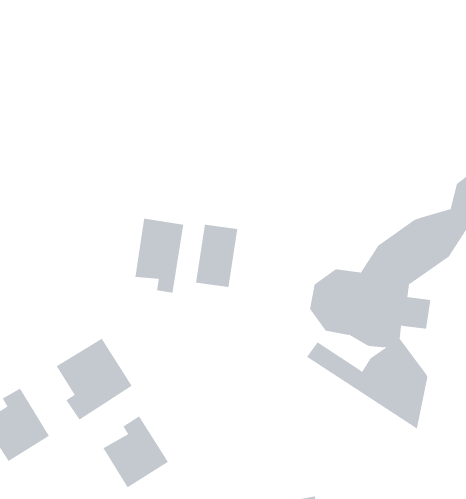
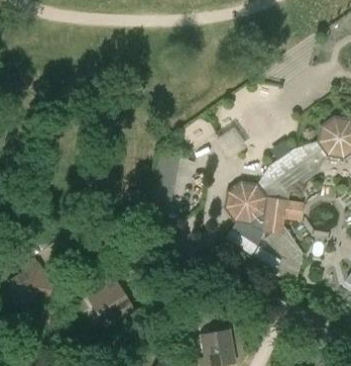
building: [135,218,184,294] -> none
building: [56,338,132,421] -> none

